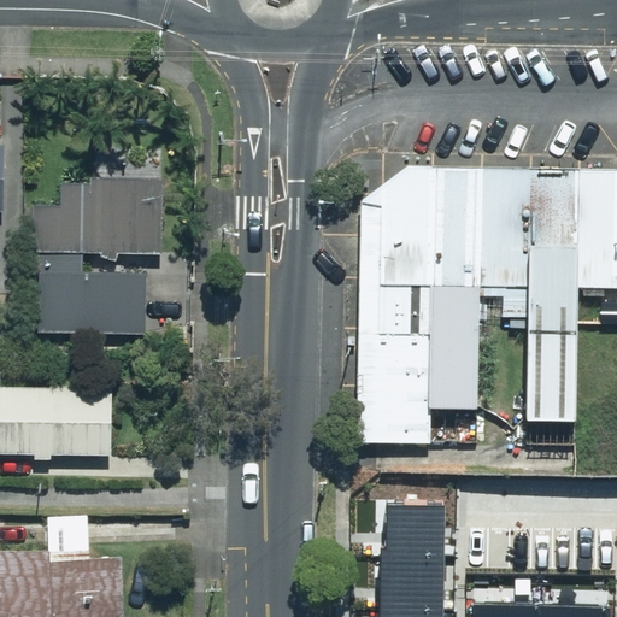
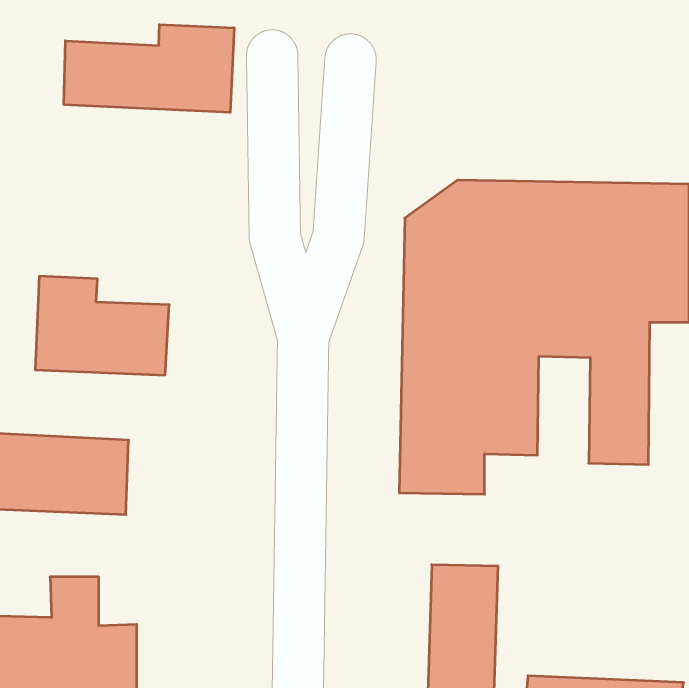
building: none -> [64,25,234,112]
building: [35,182,164,254] -> none

